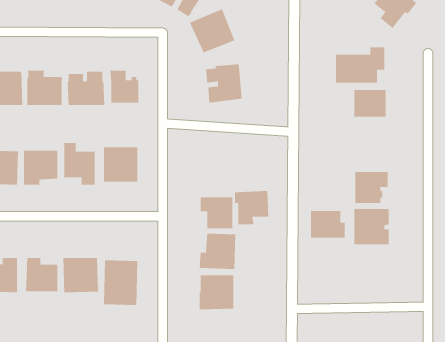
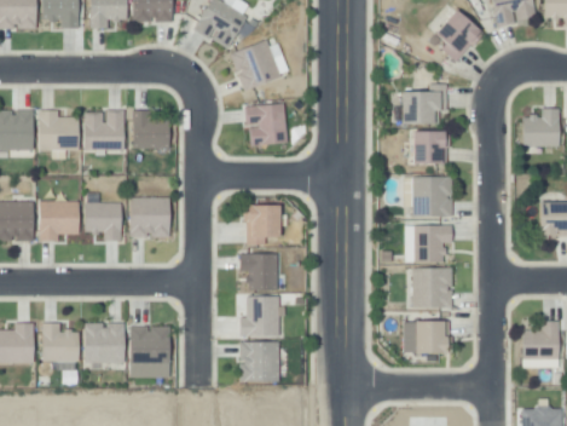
building: none -> [413,177,453,217]
building: [234,191,269,225] -> [242,206,282,244]
building: [310,211,345,238] -> [415,323,455,355]

